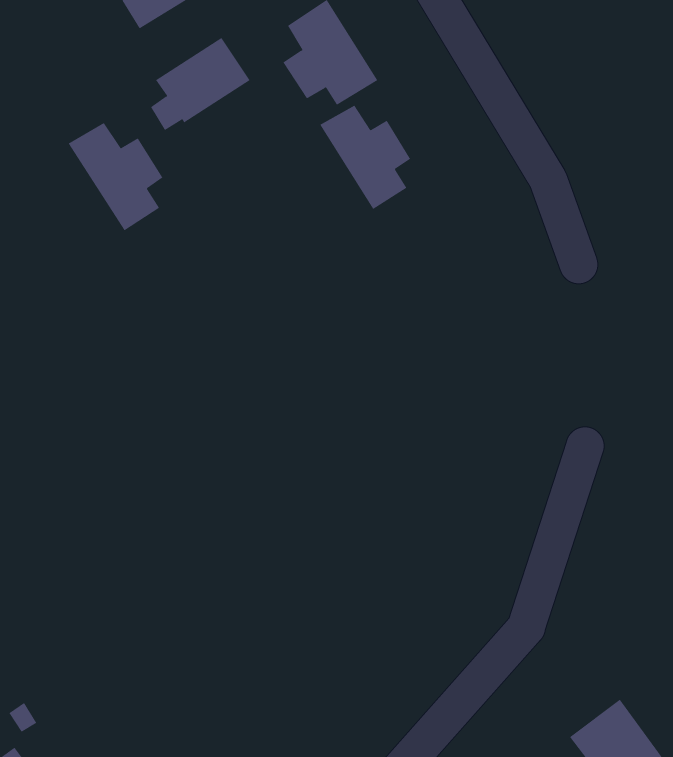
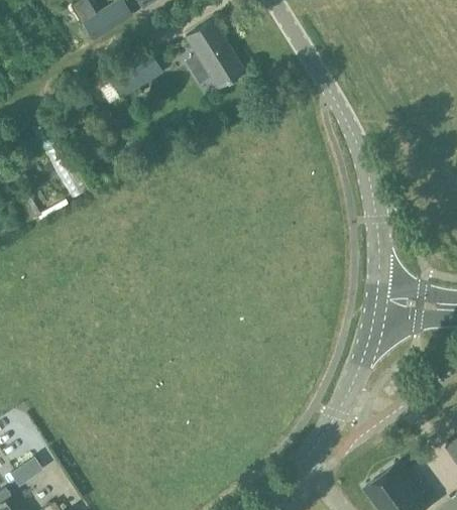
building: [320,105,411,210] -> none
building: [68,122,163,231] -> none

